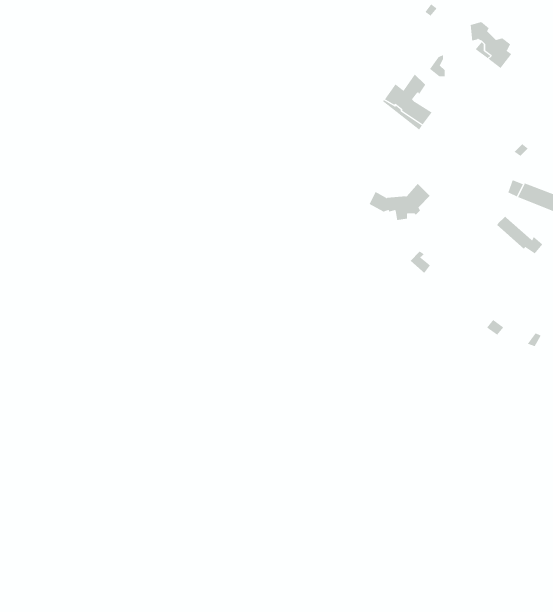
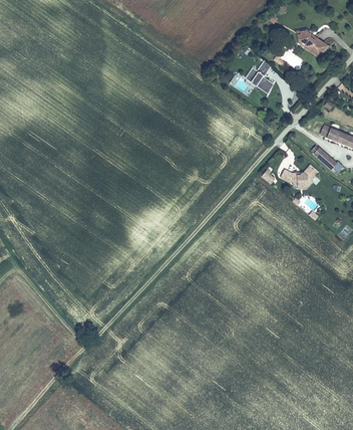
building: [369,183,431,220] -> [281,165,319,188]

